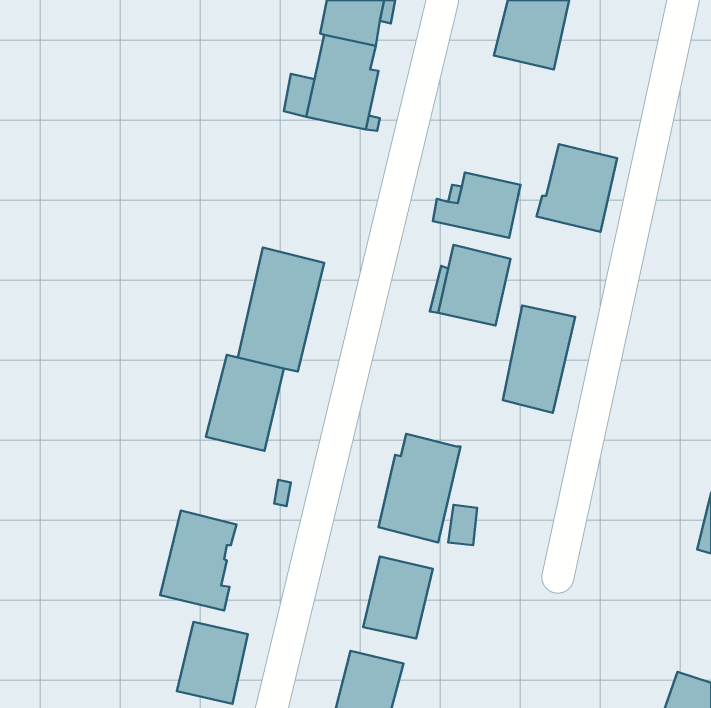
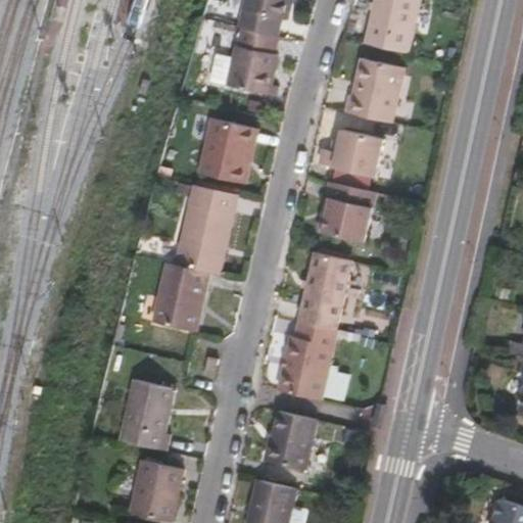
building: [536,144,617,232] -> [344,58,403,123]
building: none -> [197,117,257,184]
building: [503,306,575,413] -> [298,251,351,330]

